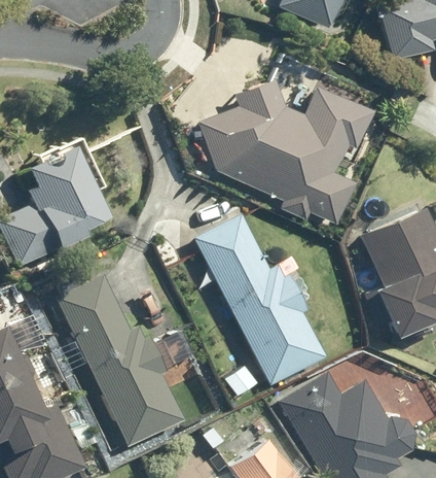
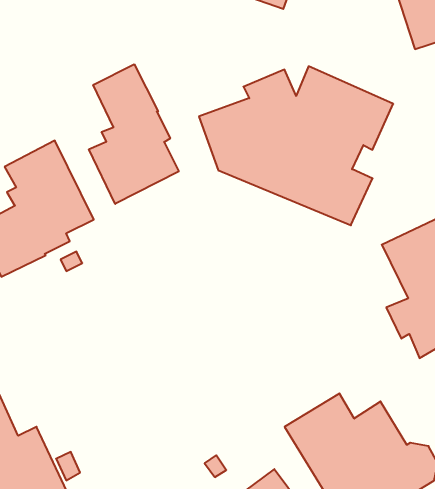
building: none -> [89,64,179,204]
building: [193,214,325,385] -> none
building: [56,275,184,448] -> none

